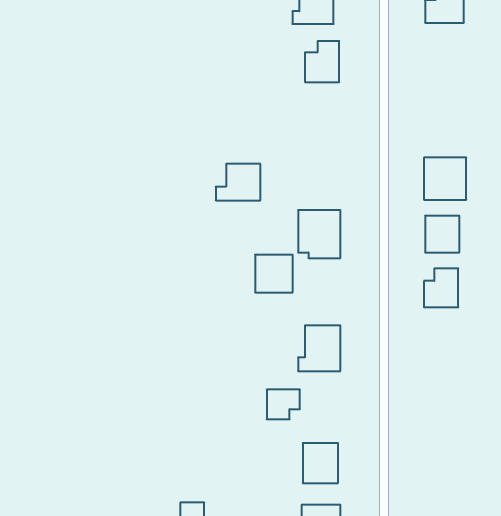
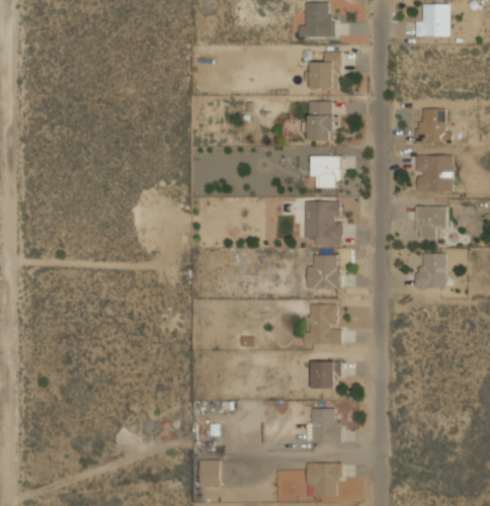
building: none -> [306,101,332,141]
building: none -> [417,108,451,144]
building: [216,164,260,200] -> [300,156,339,188]
building: [255,255,293,292] -> [306,255,339,288]
building: [267,390,300,419] -> [311,361,340,388]

